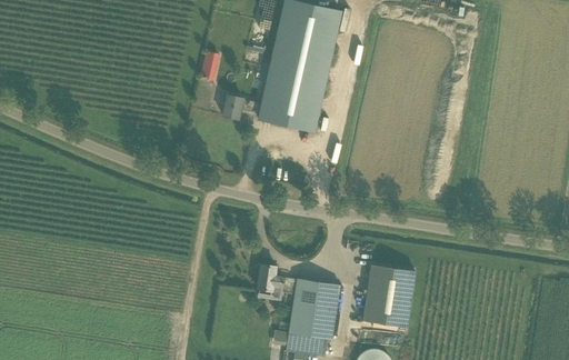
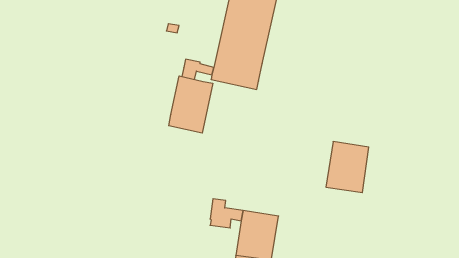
building: none -> [169,76,213,133]
building: [363,266,416,328] -> [326,142,369,193]

